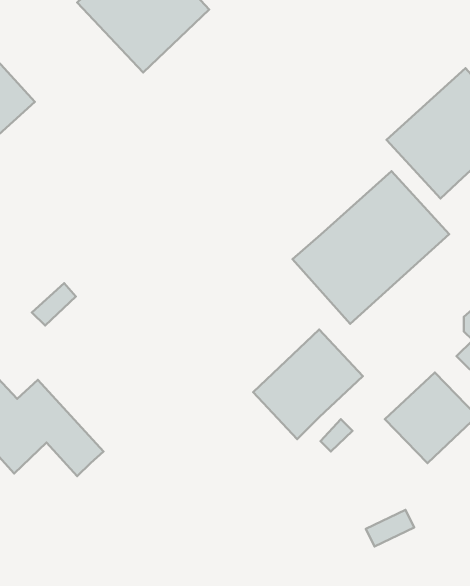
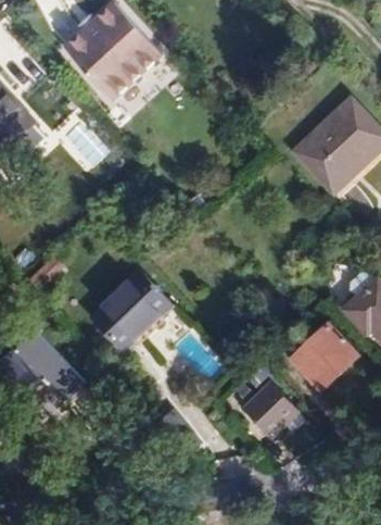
building: [293,171,449,324] -> none
building: [253,329,363,439] -> [91,270,173,351]
building: none -> [242,382,299,438]

